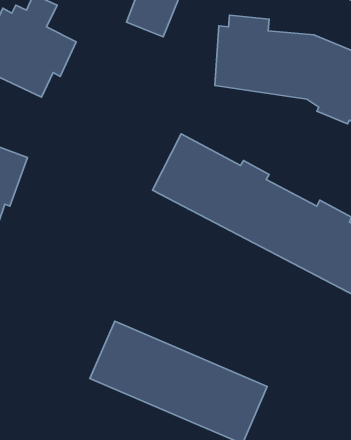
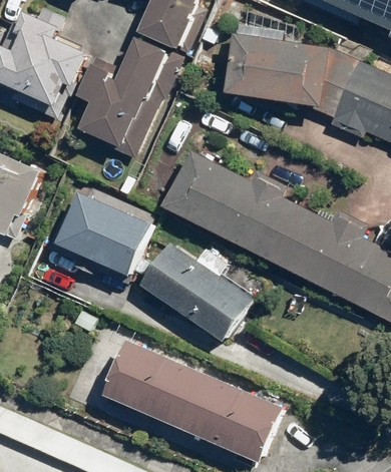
building: none -> [73,39,176,156]
building: none -> [48,181,154,279]
building: none -> [139,239,251,339]

